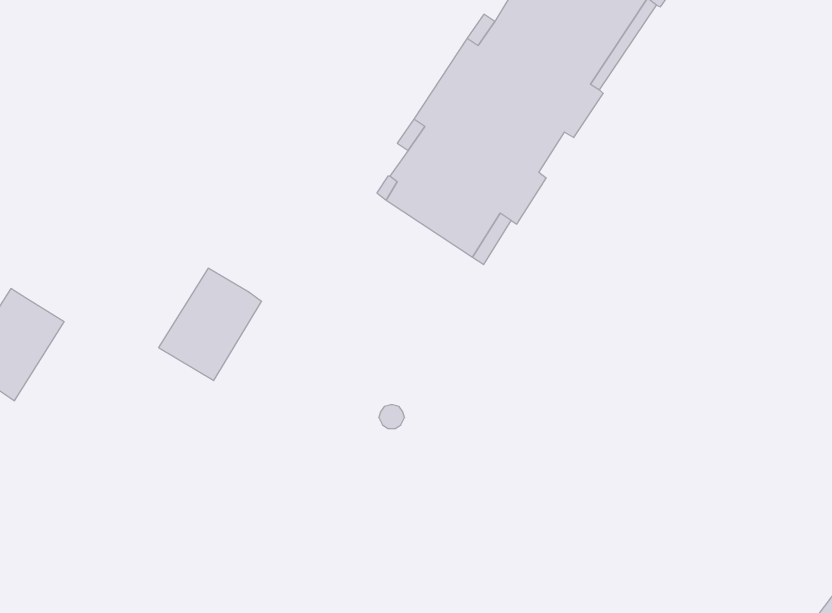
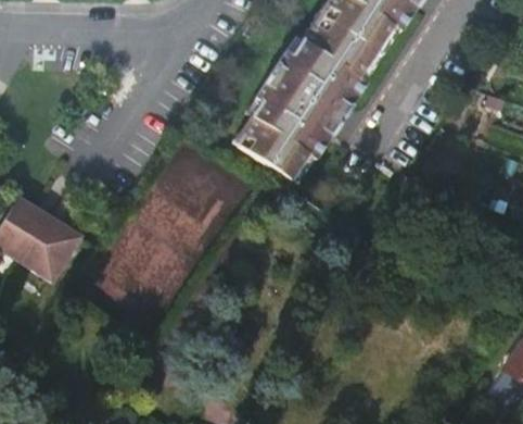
building: [159,268,262,381] -> [20,215,80,282]

